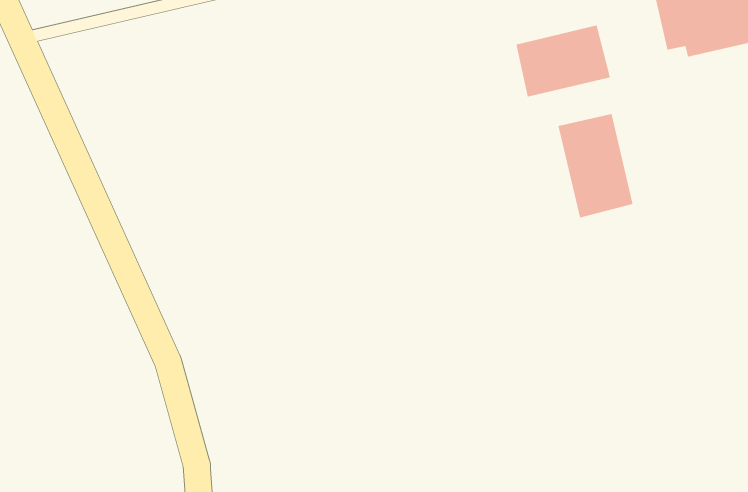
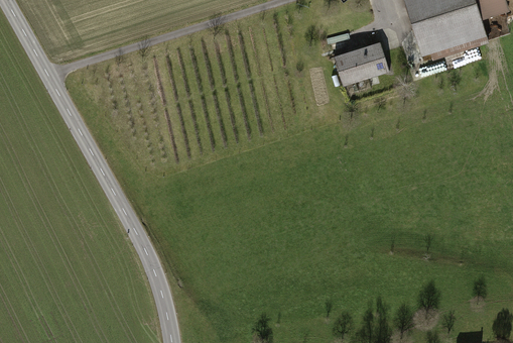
building: [558,113,633,218] -> none

